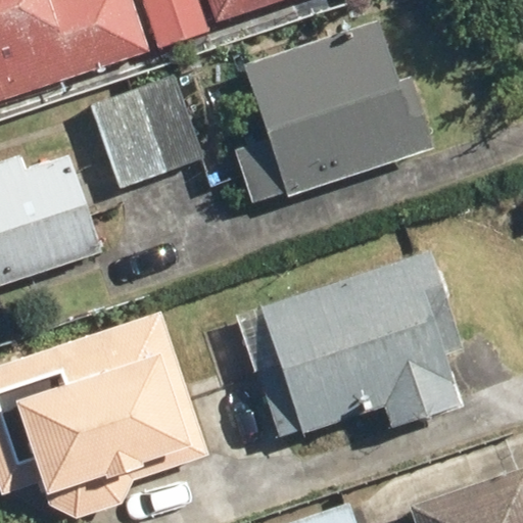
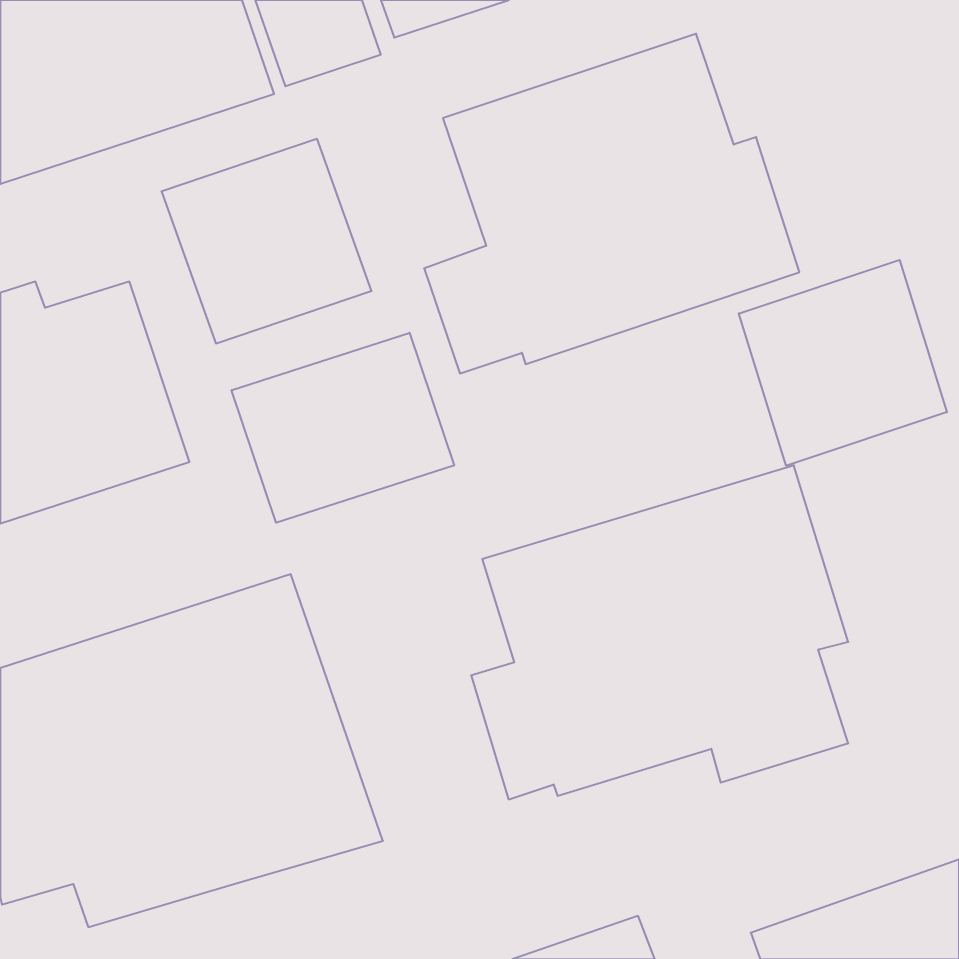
building: none -> [739,260,947,466]
building: none -> [232,333,454,523]

